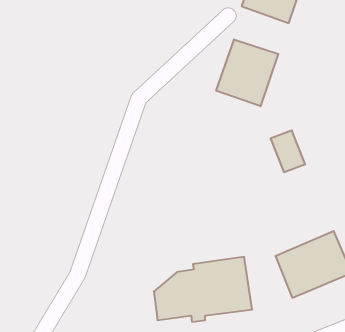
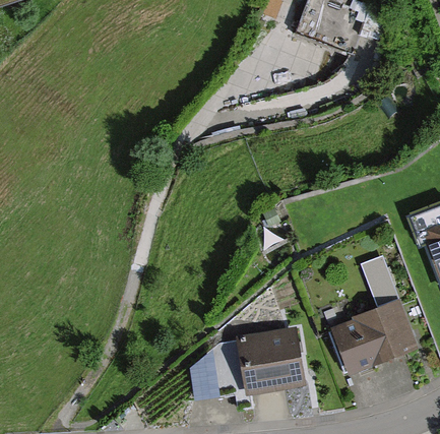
building: [216,39,278,106] -> none
building: [271,130,305,172] -> [360,254,399,302]

